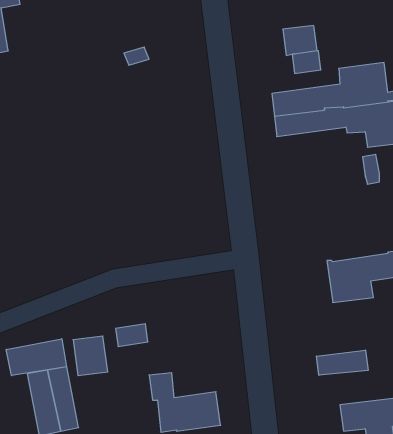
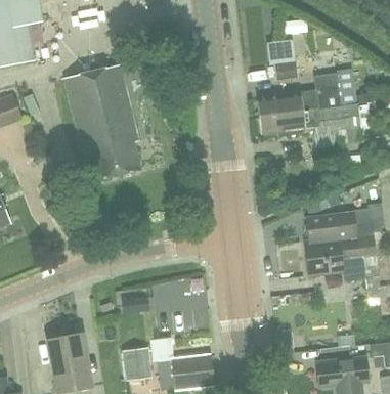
building: none -> [64,64,141,182]
building: none -> [306,213,356,243]
building: [73,336,108,376] -> [123,347,153,381]
building: [6,339,67,376] -> none
building: [317,350,368,375] -> none

